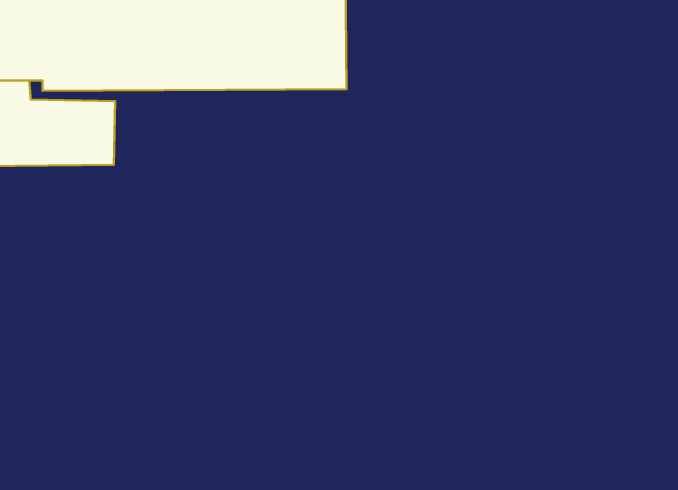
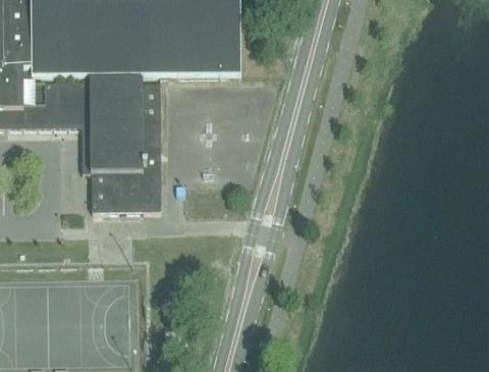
building: none -> [80,77,161,208]

